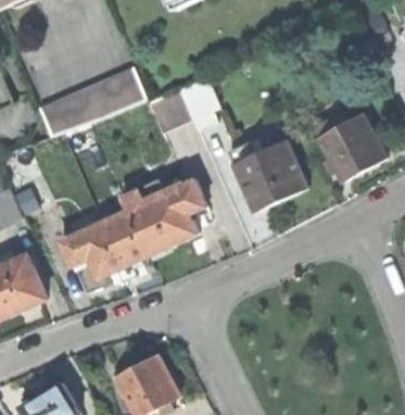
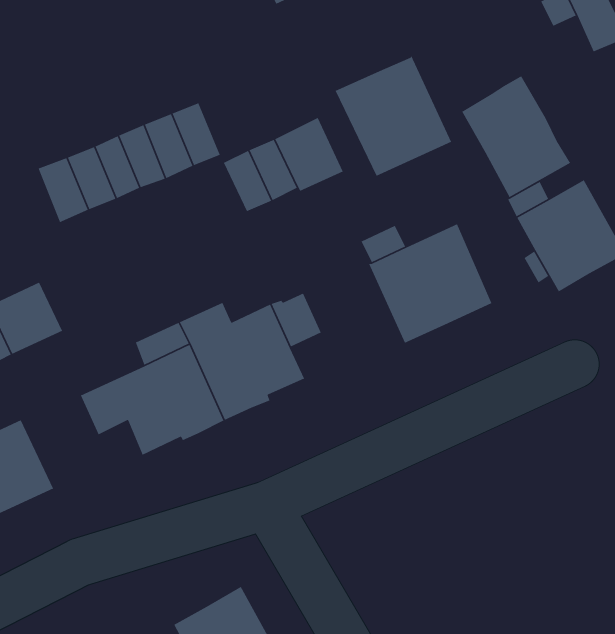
building: none -> [335,54,452,177]
building: none -> [461,75,571,198]

